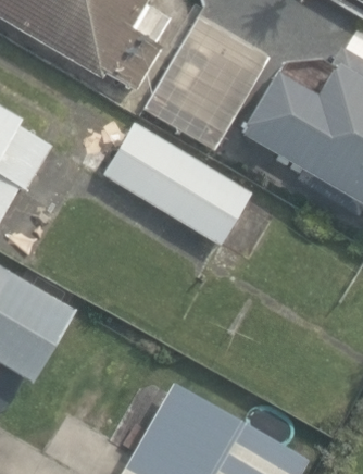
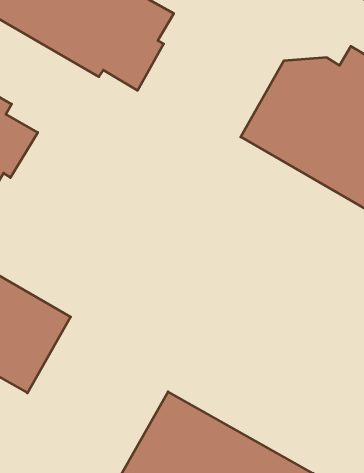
building: [145,17,271,153] -> none
building: [104,125,253,249] -> none

